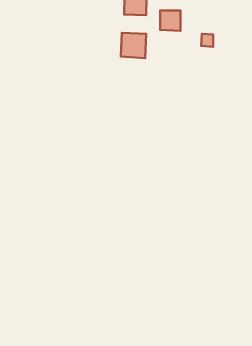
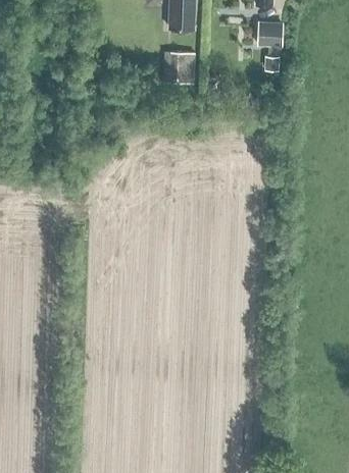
building: [160,11,181,31] -> [257,22,283,48]

